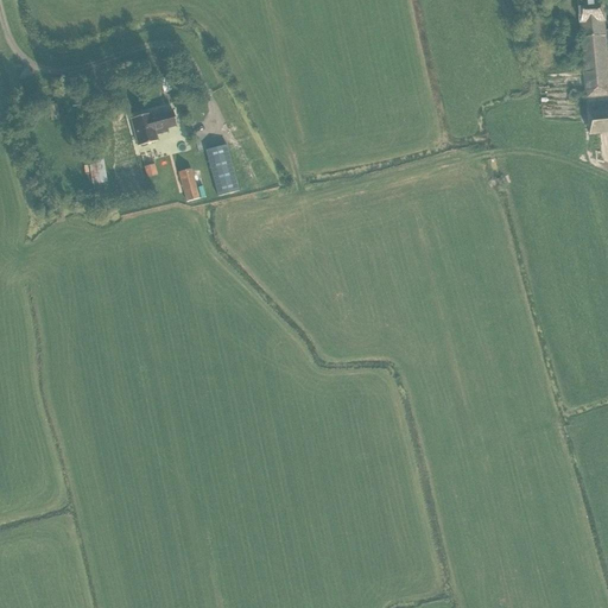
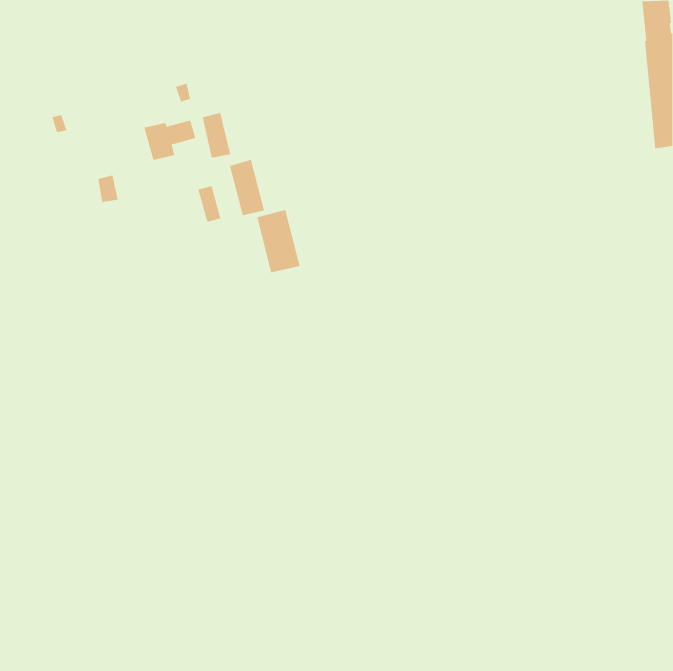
building: none -> [202,112,231,159]
building: none -> [257,209,300,273]

